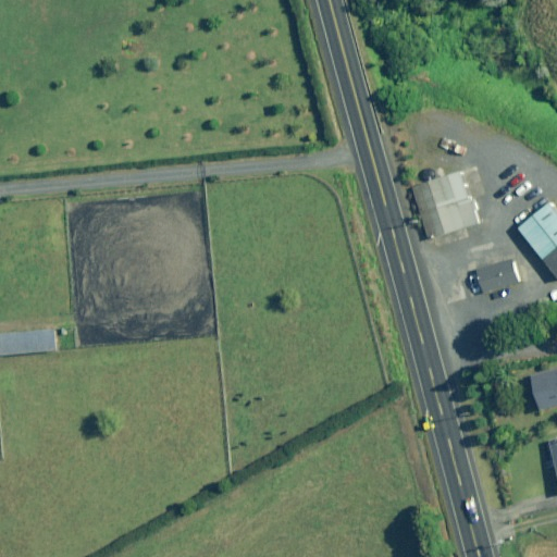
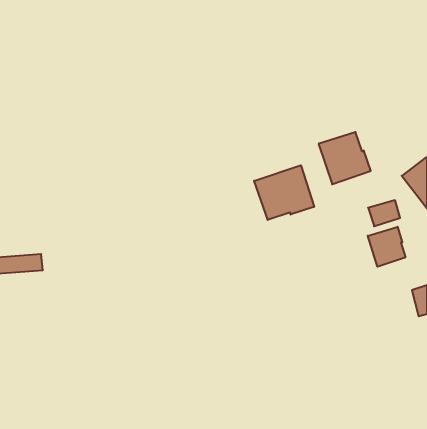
building: none -> [254,165,314,220]
building: none -> [368,227,405,267]

